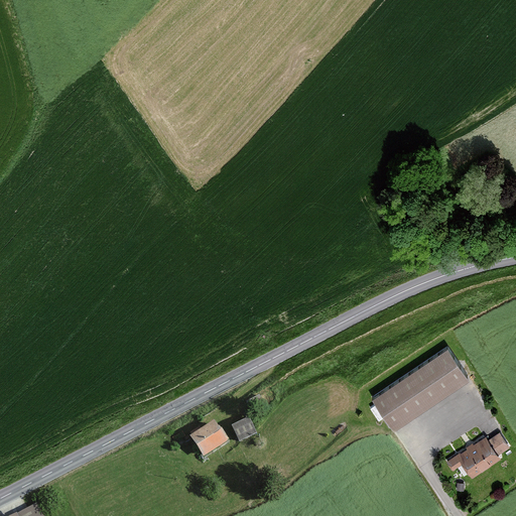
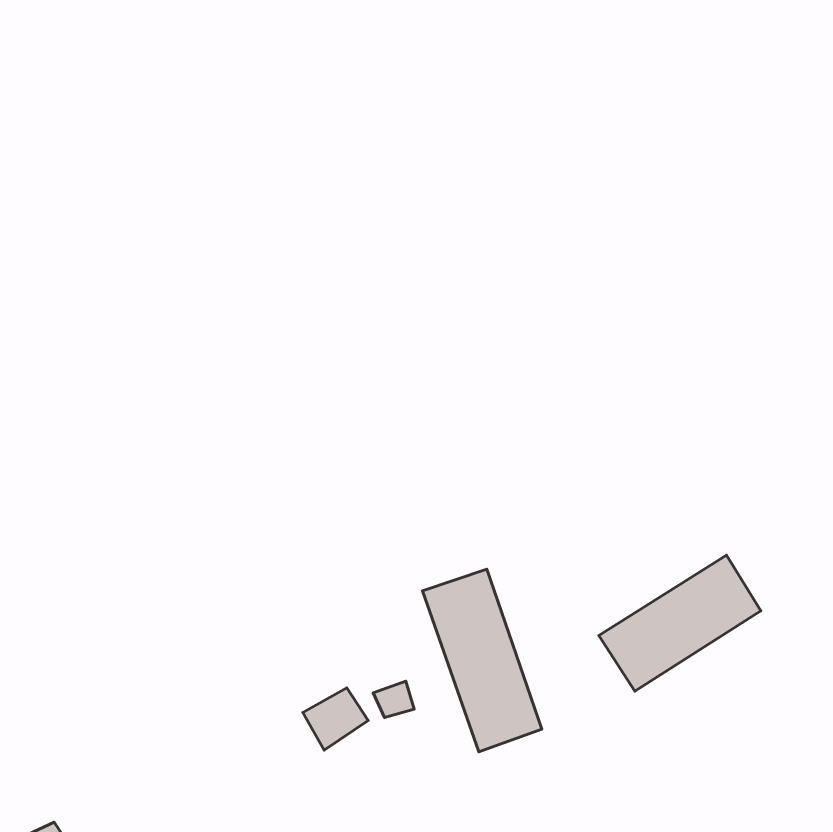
building: none -> [423,569,542,752]
building: [445,429,511,486] -> none

